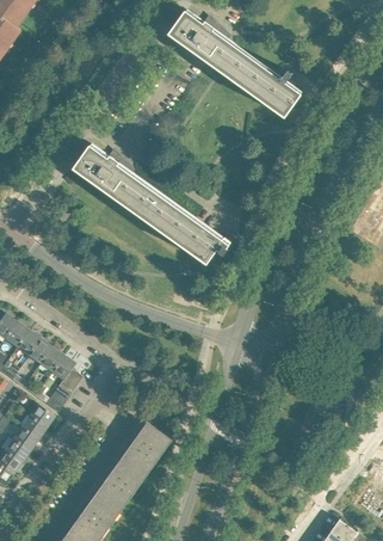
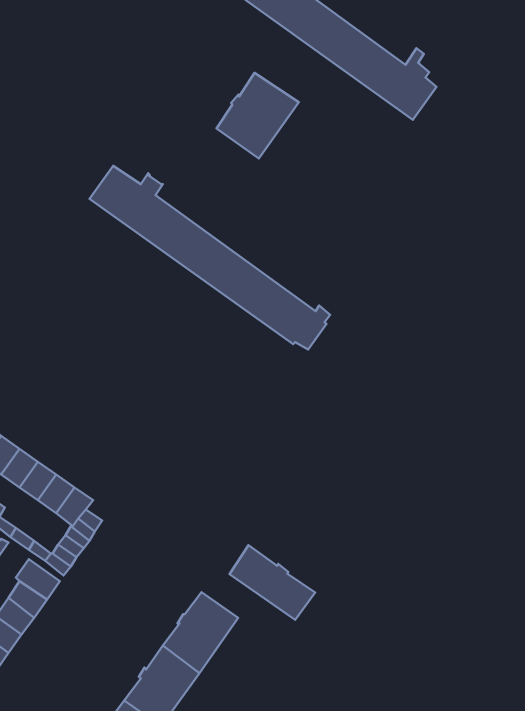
building: none -> [217,73,299,158]
building: none -> [229,545,315,620]

